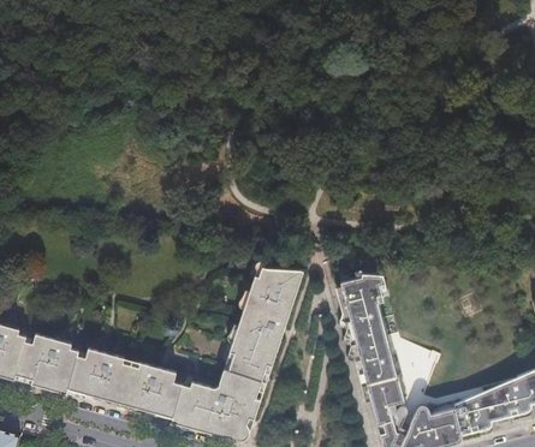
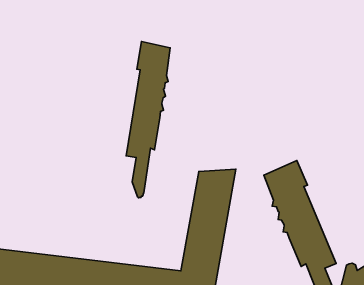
building: none -> [126,42,170,198]

